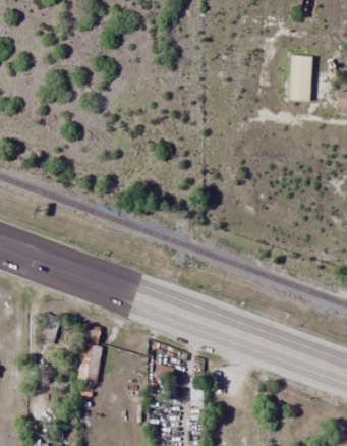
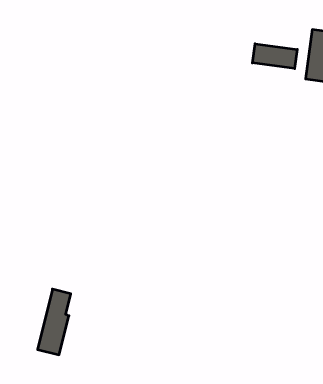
building: none -> [252,44,297,69]

